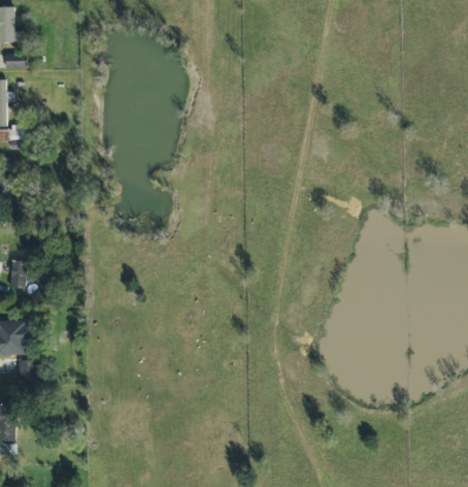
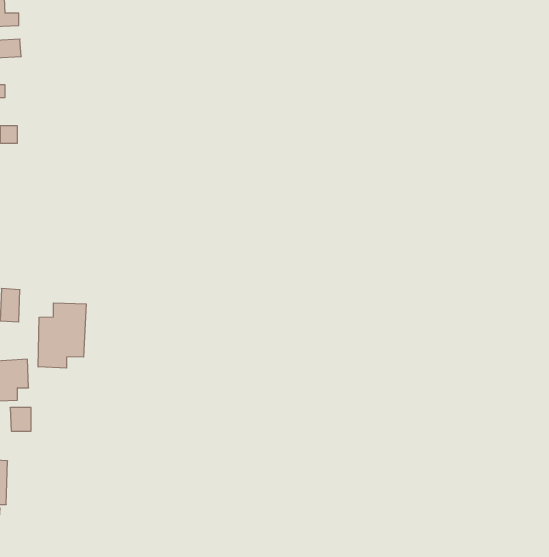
building: none -> [38,303,86,368]

